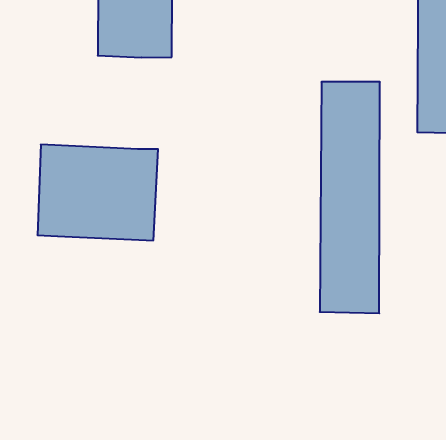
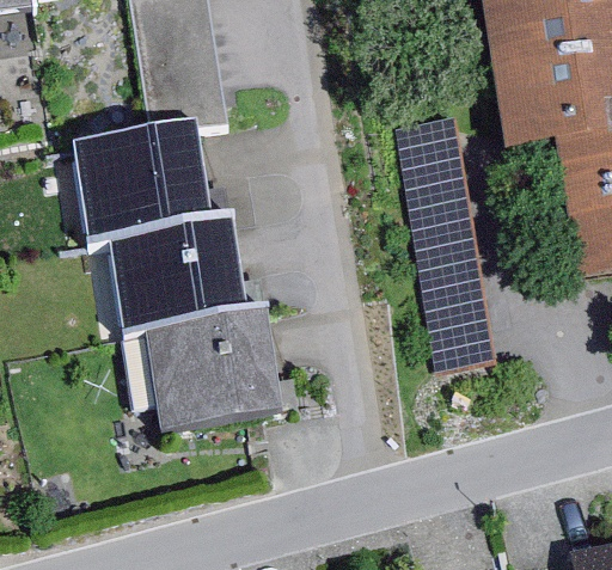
building: none -> [79,130,213,245]
building: none -> [143,320,281,436]

